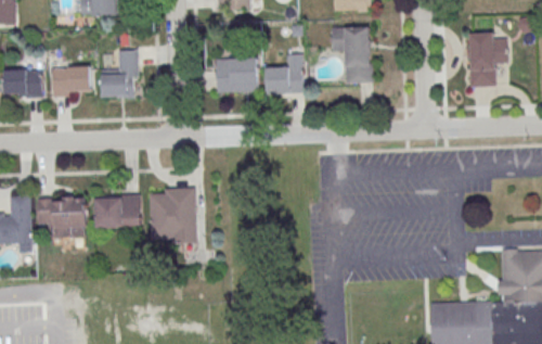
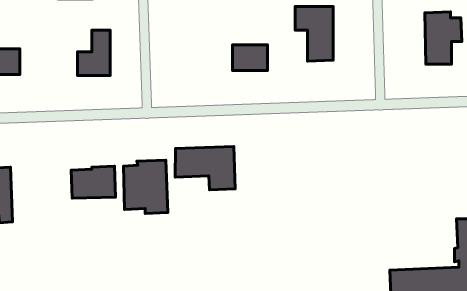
building: [216,58,257,90] -> none
building: [52,66,91,95] -> none
building: none -> [175,146,235,190]
building: [37,196,87,238] -> none

